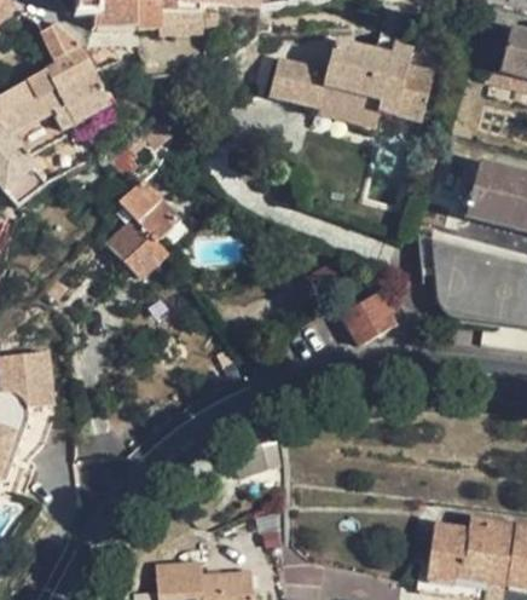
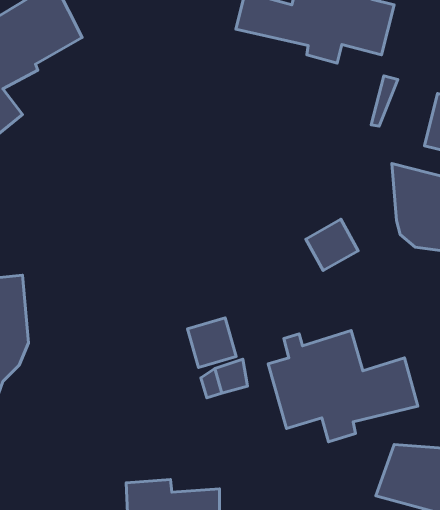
building: [106,178,181,277] -> none
building: none -> [187,318,236,368]
building: none -> [268,330,418,442]

